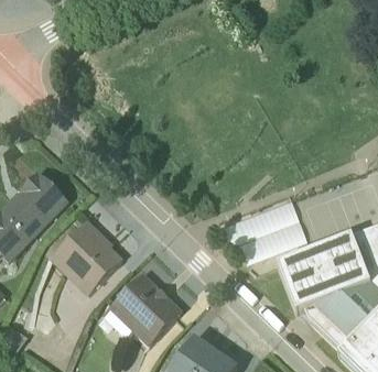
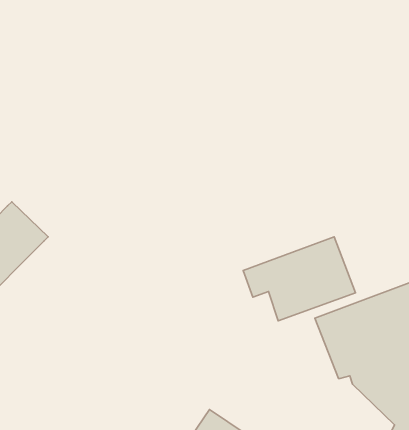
building: [48,219,122,294] -> none
building: [101,272,183,346] -> none

